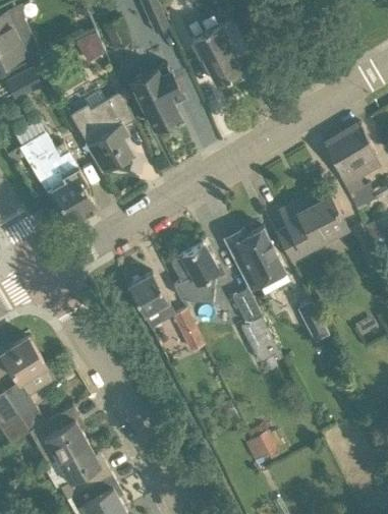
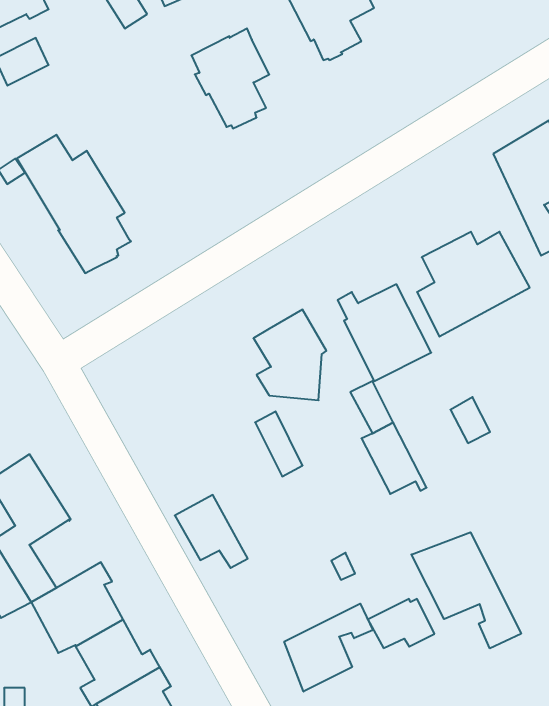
building: [71,92,134,172] -> none
building: [127,273,174,320] -> [175,495,248,568]
building: none -> [411,532,521,648]
building: none -> [284,604,373,692]

